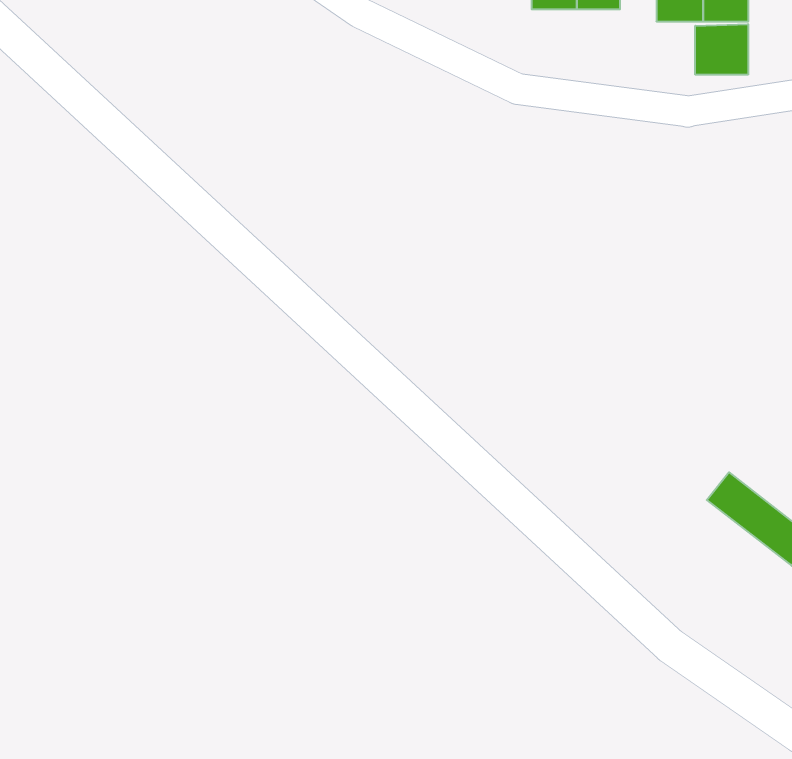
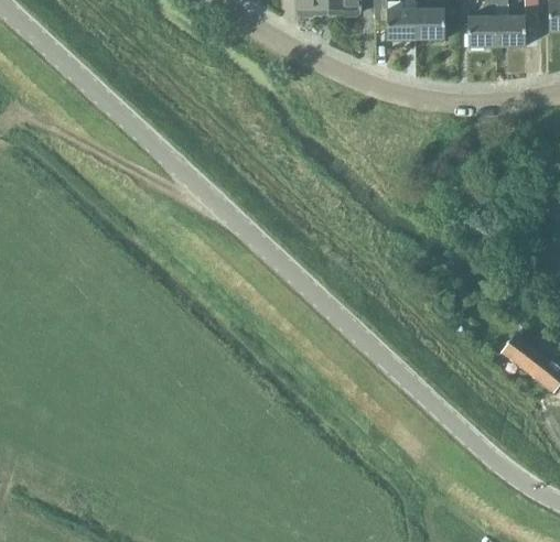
building: [695,24,748,75] -> none

